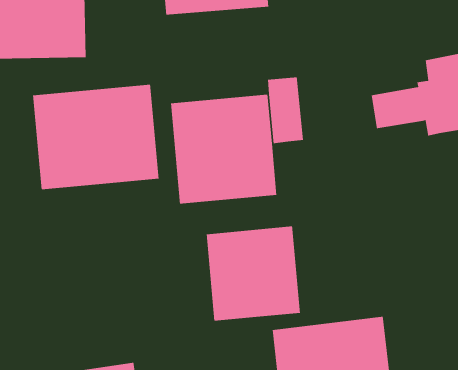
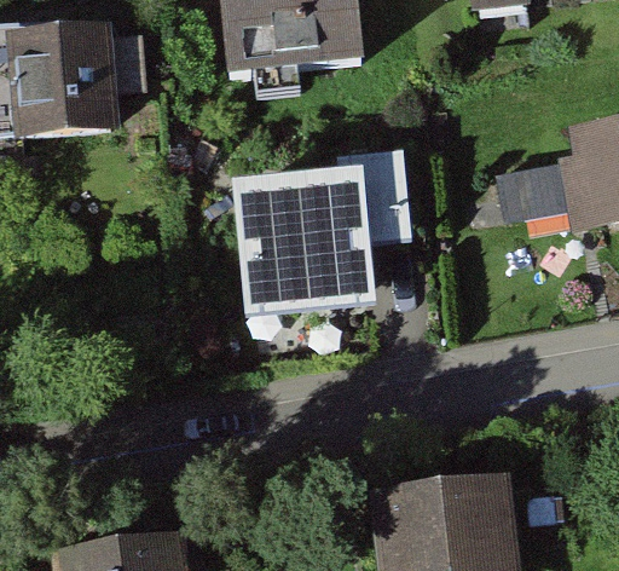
building: [33,84,159,190] -> none
building: [206,226,301,322] -> none

